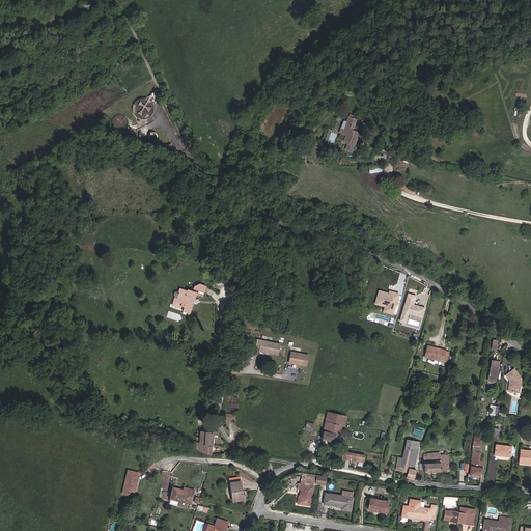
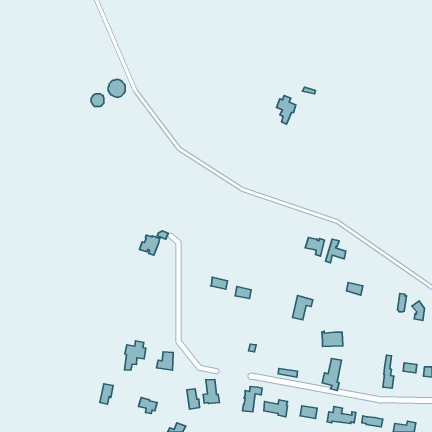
building: [322,412,346,442] -> [293,295,313,320]
building: none -> [124,341,146,370]
building: [423,453,449,472] -> [322,331,343,347]
building: none -> [203,380,220,404]

